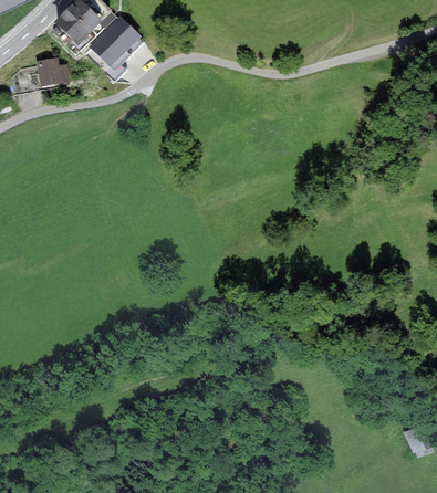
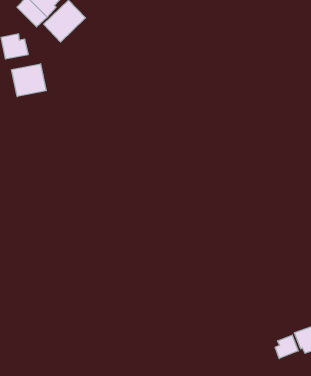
building: none -> [12,64,46,97]
building: none -> [275,335,298,359]

